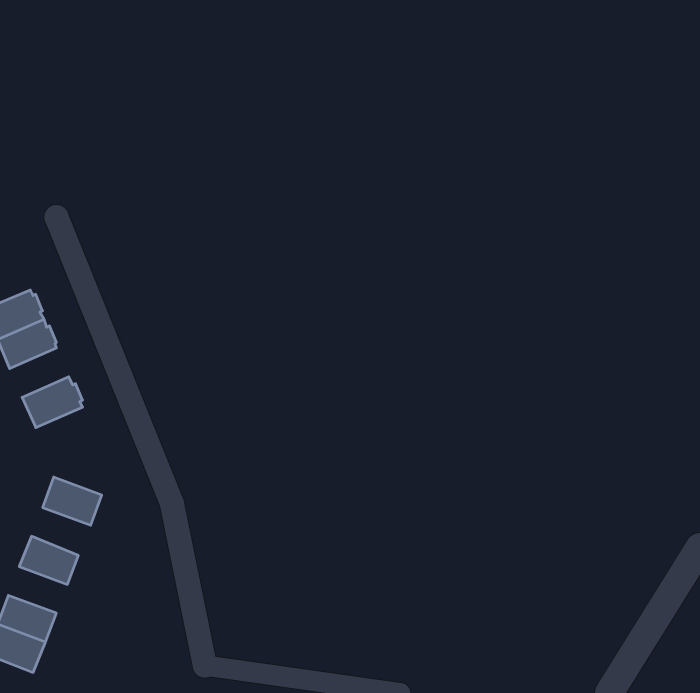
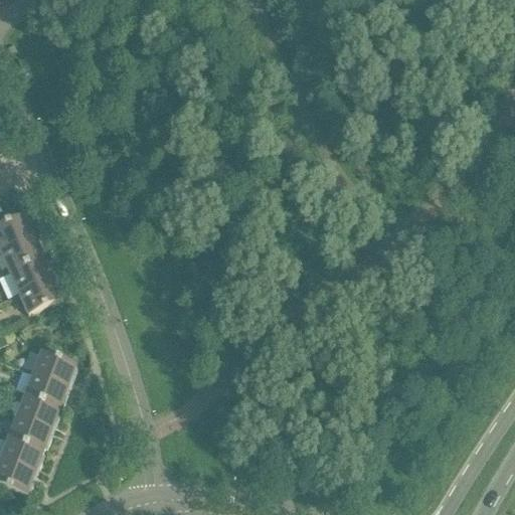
building: none -> [7,254,50,291]
building: none -> [23,371,66,406]
building: none -> [6,414,49,449]

